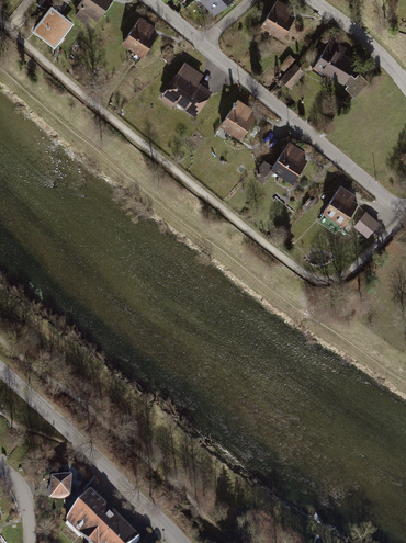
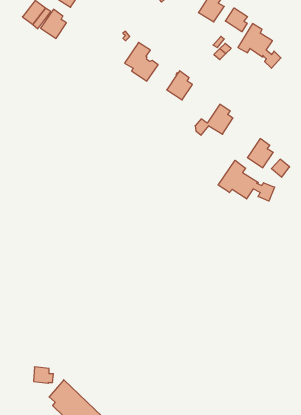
building: [123,18,156,55] -> [41,9,66,38]
building: none -> [225,8,247,32]
building: none -> [218,160,275,201]

